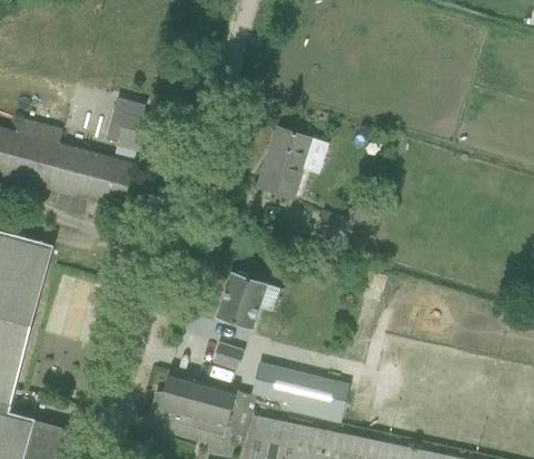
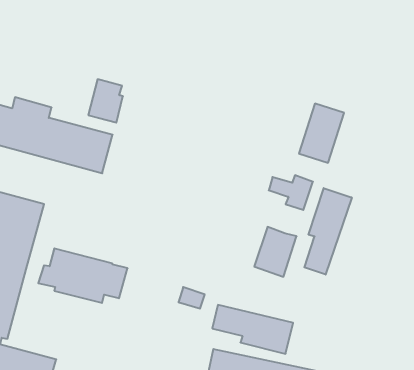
building: [259,128,313,198] -> [299,104,344,163]
building: none -> [304,188,352,275]
building: [216,272,266,331] -> [254,227,297,277]
building: [150,372,256,437] -> [38,248,128,303]

